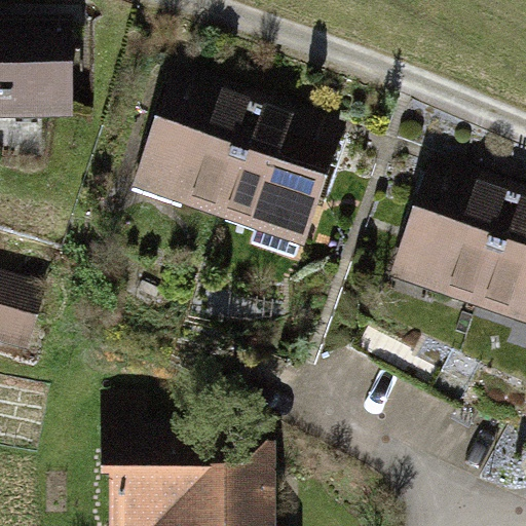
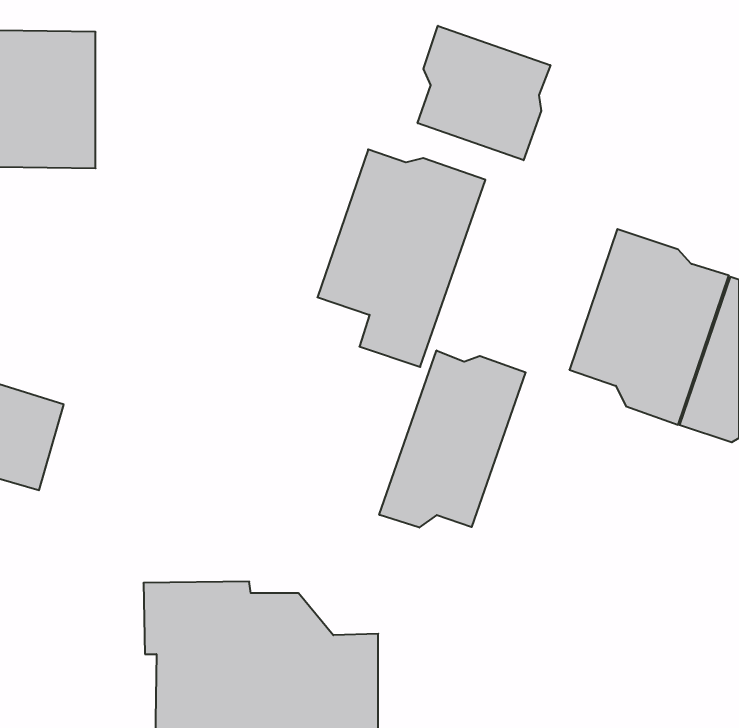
building: none -> [418,26,550,160]
building: [146,80,260,219] -> none
building: none -> [379,350,526,528]

